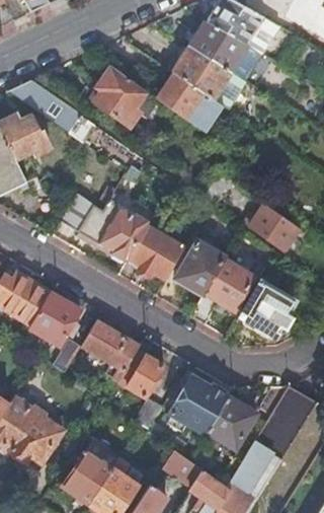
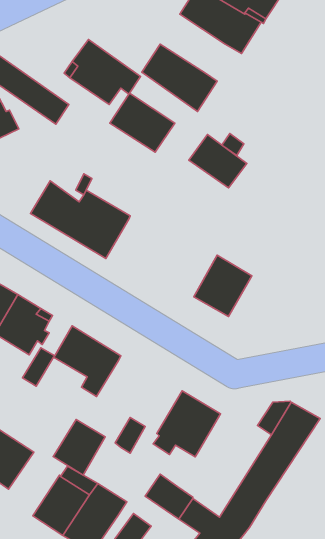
building: [174,47,231,98] -> [110,93,175,152]
building: [249,204,300,250] -> [189,135,247,188]
building: [126,226,184,279] -> none
building: [176,240,225,294] -> none
building: [240,282,294,335] -> none
building: [117,350,163,398] -> [53,419,105,475]
building: [207,396,256,448] -> none

